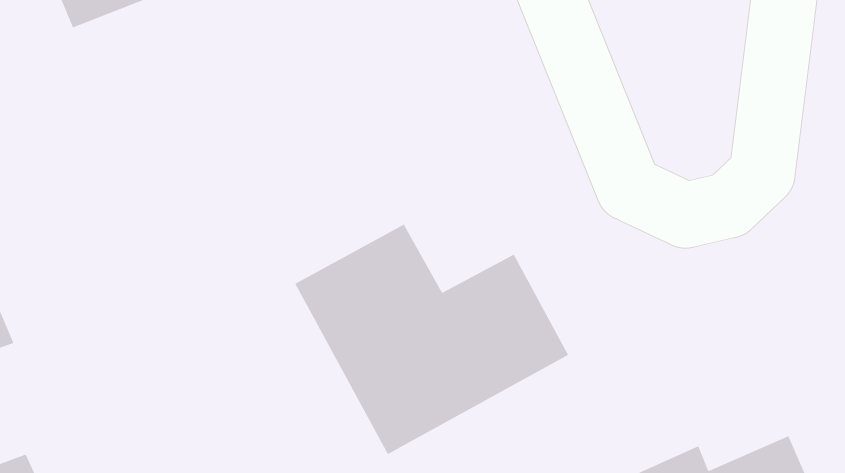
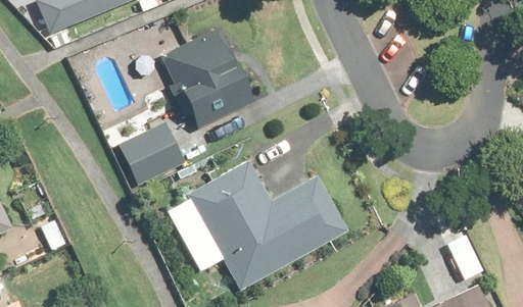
building: none -> [160,24,257,131]
building: none -> [115,119,183,183]

